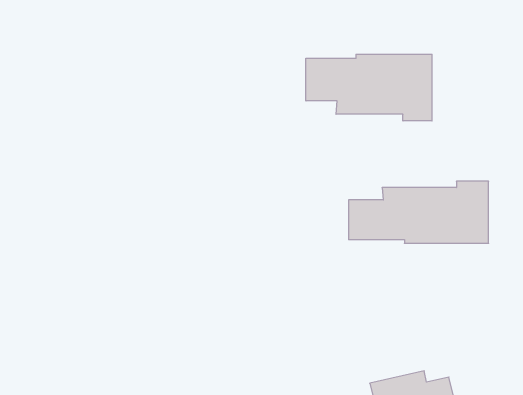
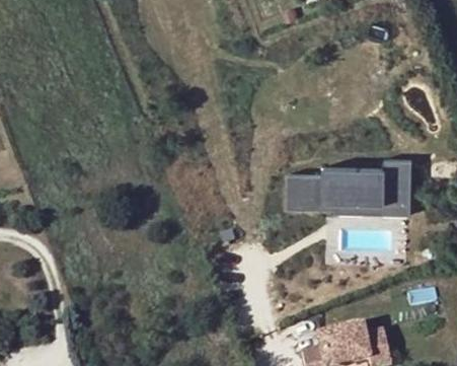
building: [306,54,432,121] -> none

